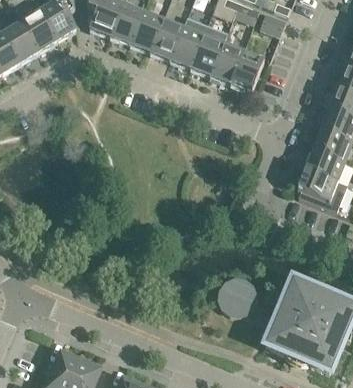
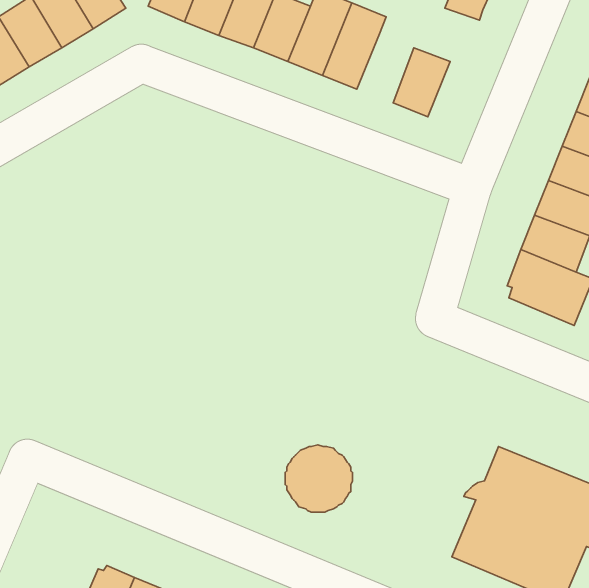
building: [210,44,243,84] -> none
building: [218,277,257,316] -> [285,445,352,512]

